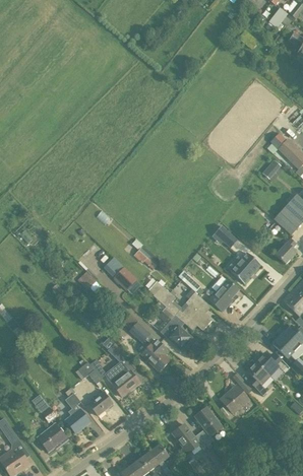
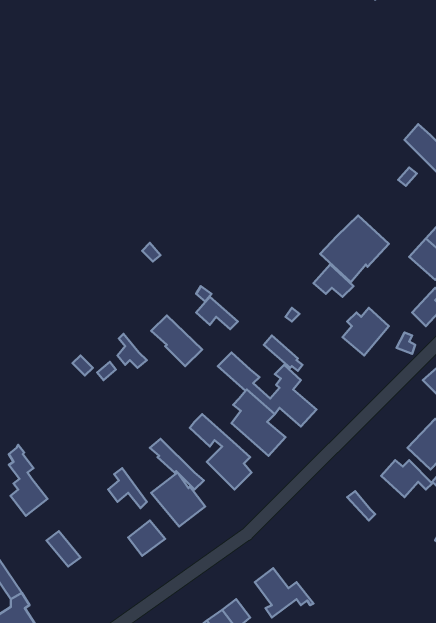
building: none -> [320,215,389,282]
building: [209,275,239,311] -> none
building: [247,362,270,395] -> none
building: [220,384,249,413] -> none
building: [65,386,90,432] -> [9,445,47,516]
building: [194,406,222,447] -> none
building: [38,423,68,451] -> none

